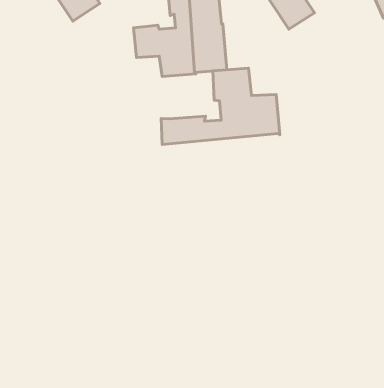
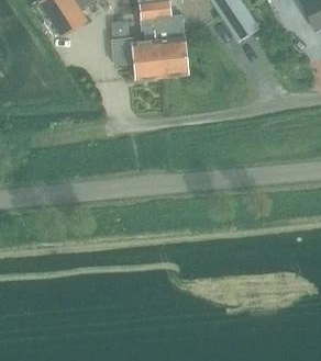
building: [161,68,280,145] -> none

